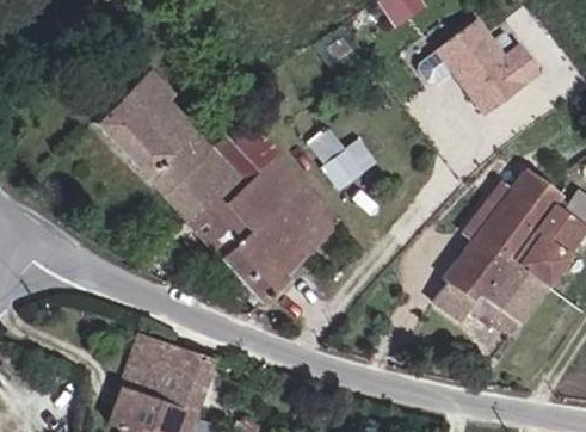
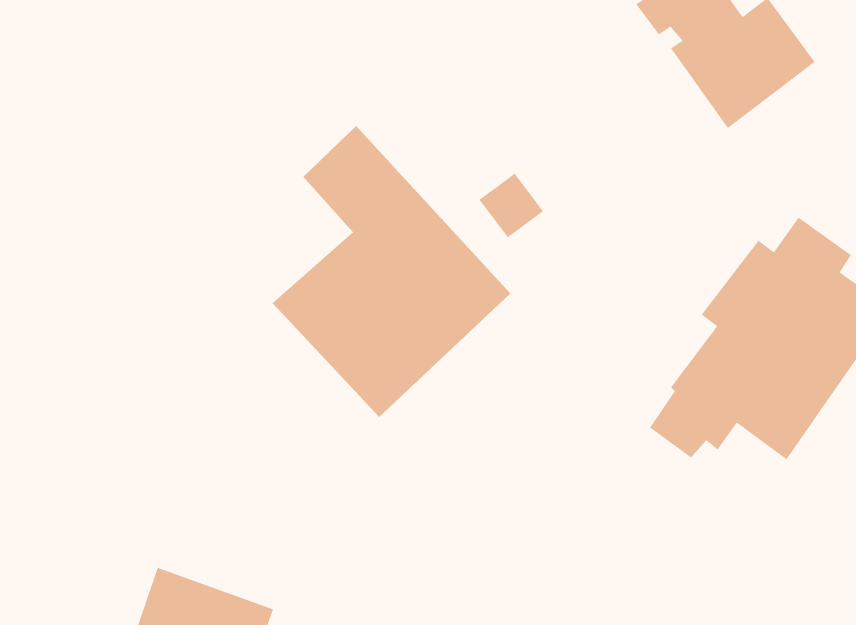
building: [98,69,246,226] -> none
building: [124,337,217,416] -> none

